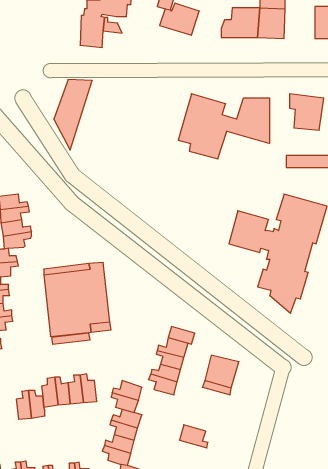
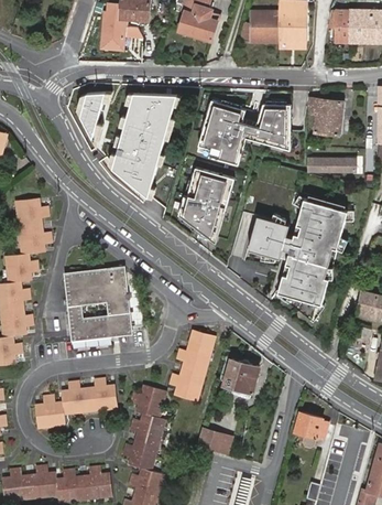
building: none -> [109,85,185,209]
building: none -> [179,165,234,241]
building: none -> [296,413,328,445]

